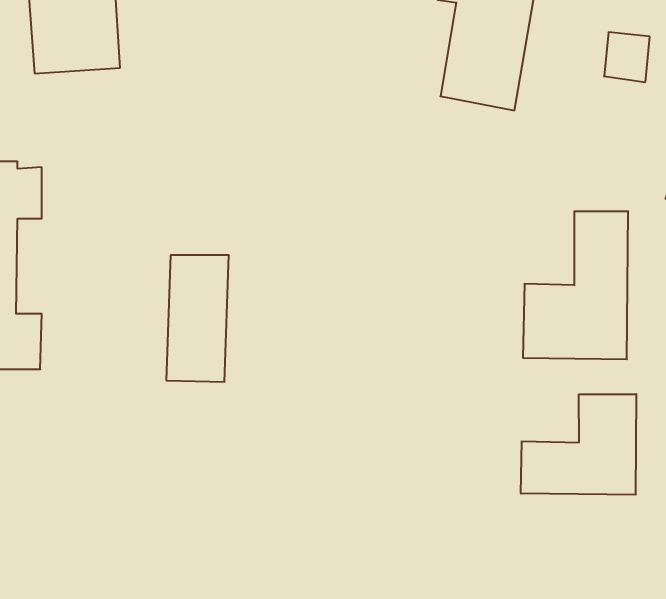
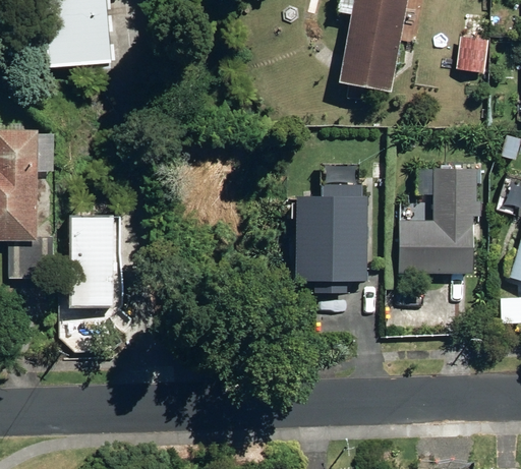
building: none -> [294,185,366,292]
building: [166,255,229,382] -> [72,217,117,307]
building: [521,394,636,495] -> none

